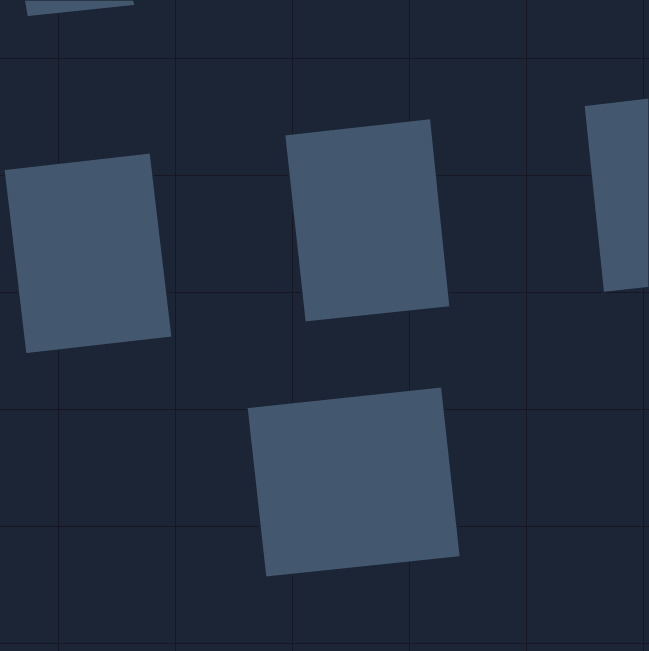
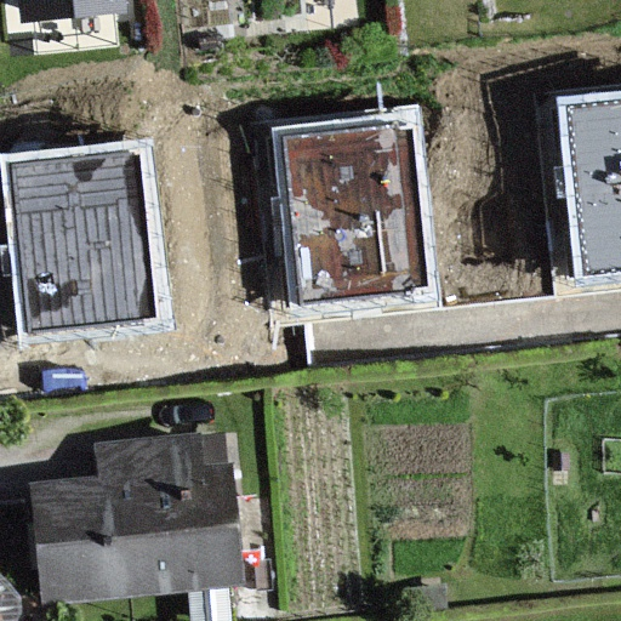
building: [247,387,460,577] -> none
building: none -> [38,435,245,599]

